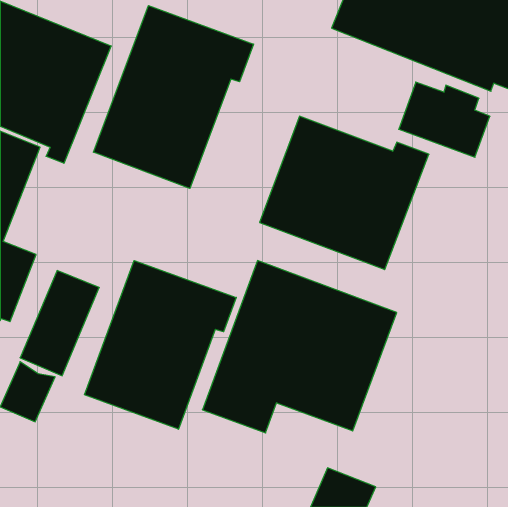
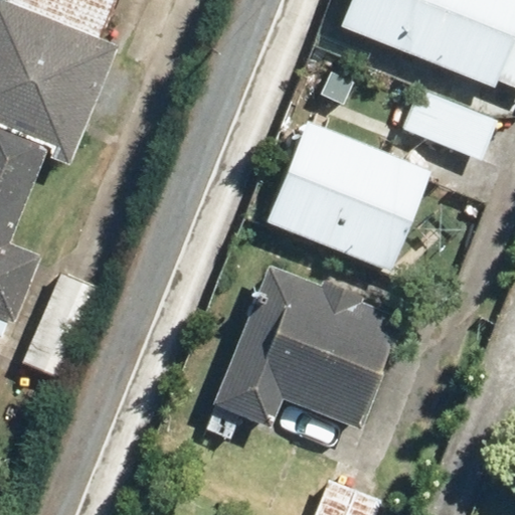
building: [93,6,254,188] -> none
building: [85,261,236,429] -> none

